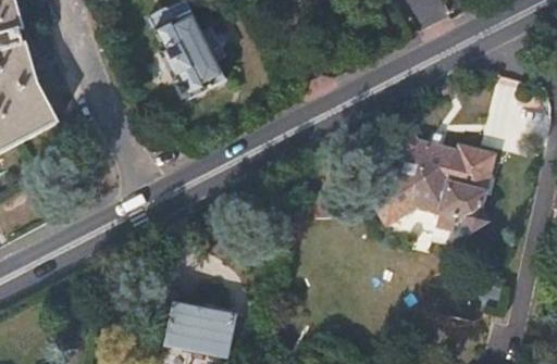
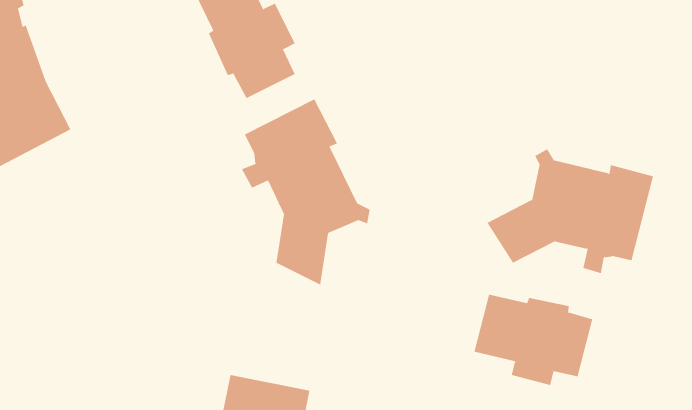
building: none -> [241,99,370,285]
building: none -> [474,294,593,386]

